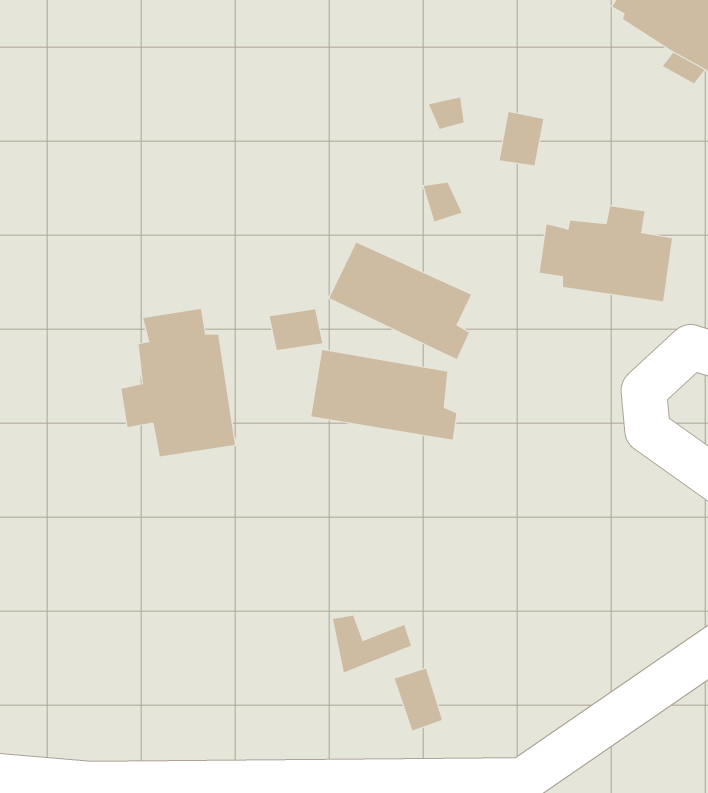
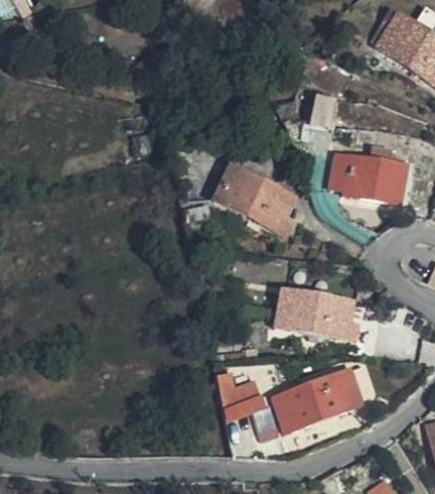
building: [121,308,236,457] -> none
building: [311,350,457,440] -> [276,289,357,340]
building: none -> [273,369,355,431]

